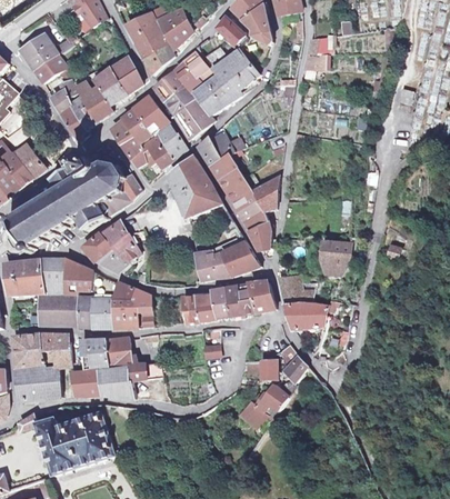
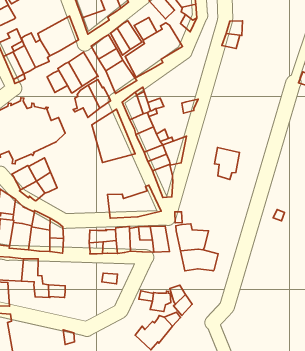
building: [121,134,149,167] -> none
building: [322,239,349,273] -> [214,148,239,180]
building: [100,366,133,397] -> none

